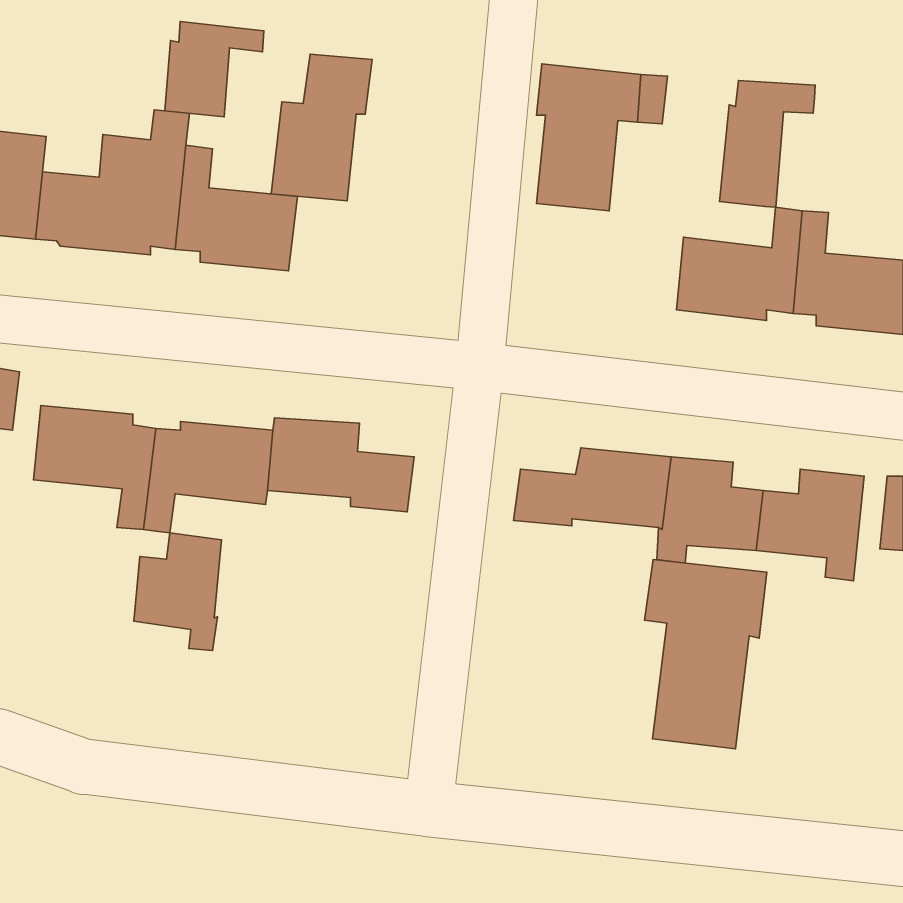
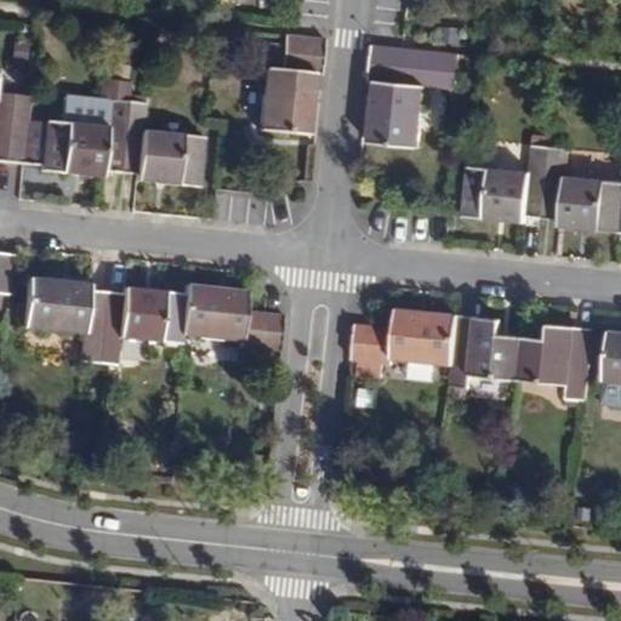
building: [165,22,264,117] -> none
building: [271,54,372,201] -> [256,35,325,136]
building: [720,80,815,207] -> none
building: [134,533,221,651] -> none
building: [645,559,767,749] -> none

